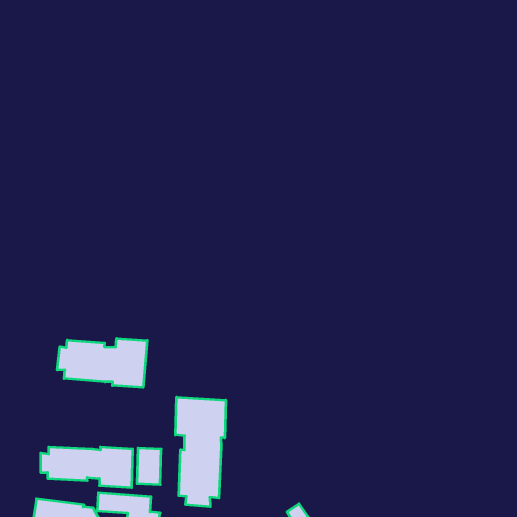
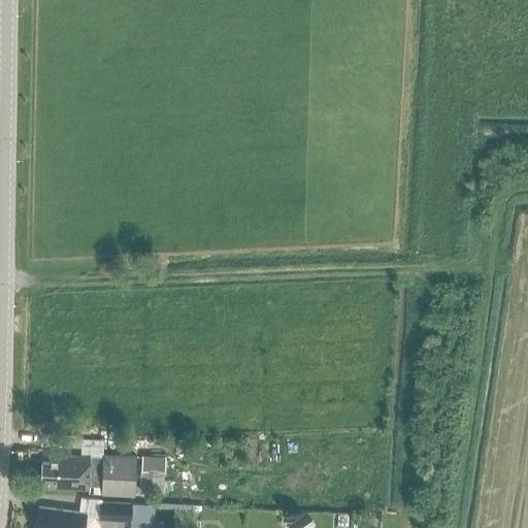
building: [57,338,147,387] -> none
building: [175,397,226,507] -> none

